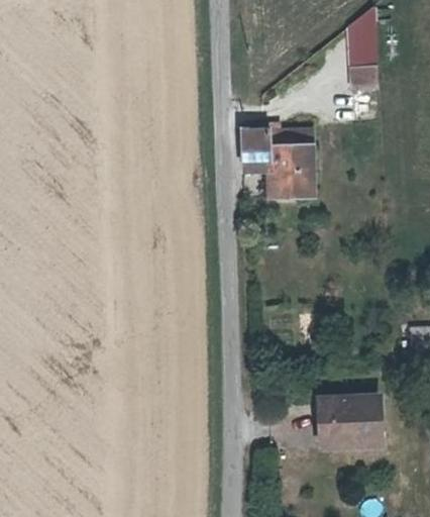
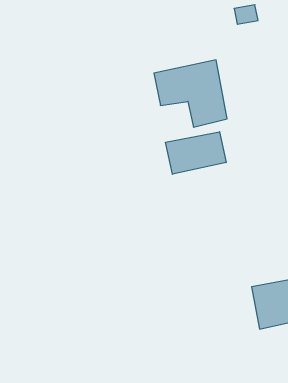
building: none -> [166,132,226,174]

